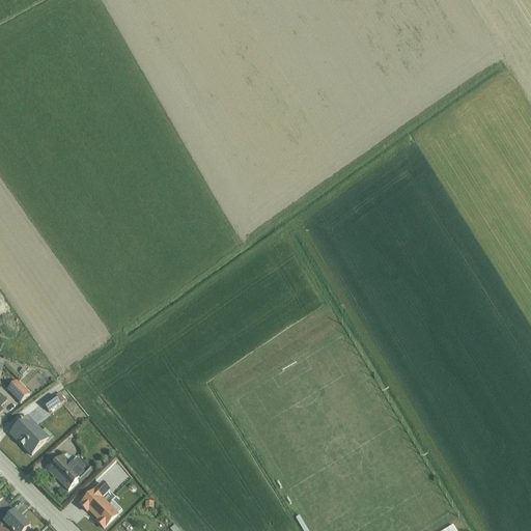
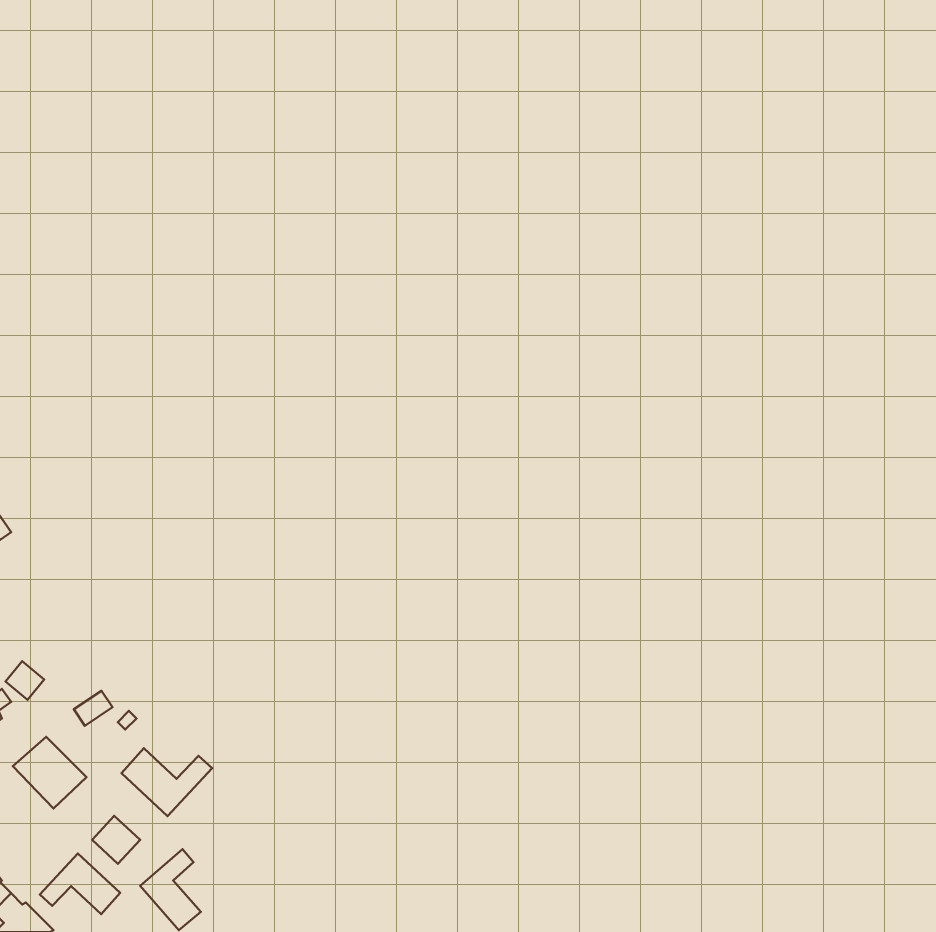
building: none -> [122,748,212,816]
building: none -> [40,853,120,914]

